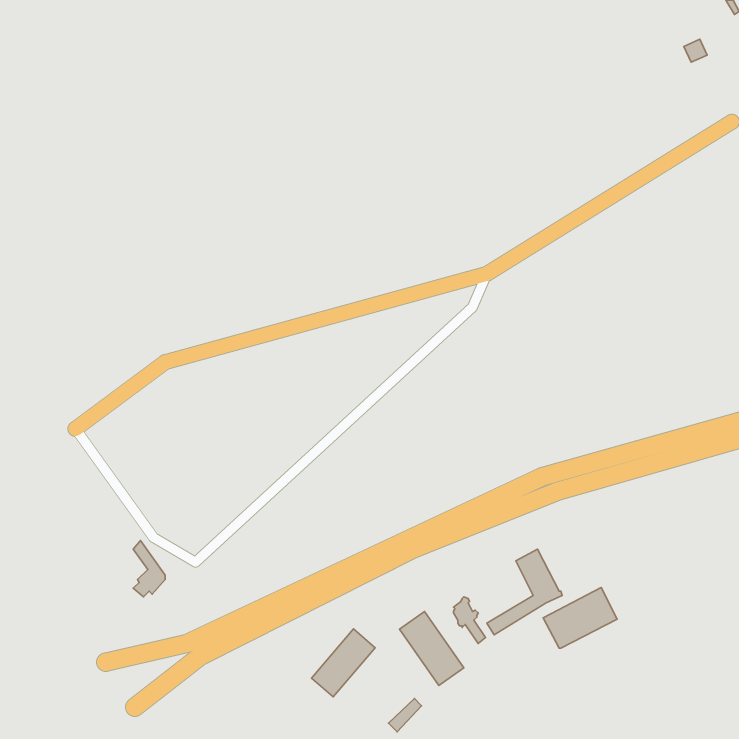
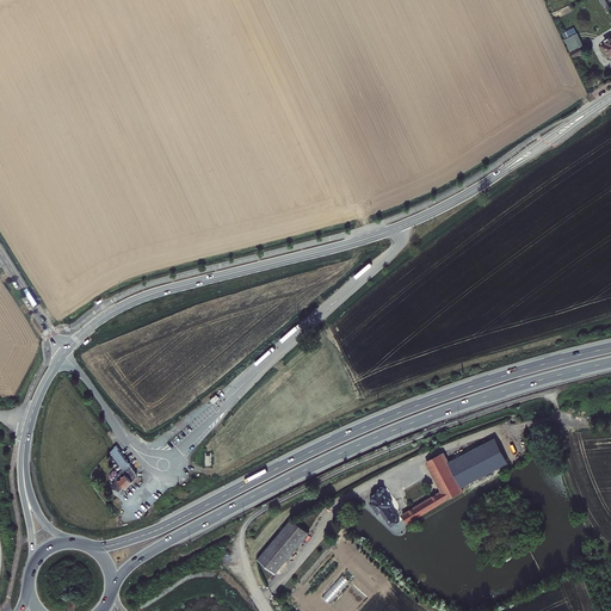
building: [543,587,617,648] -> [448,438,508,488]
building: [399,612,464,686] -> none

